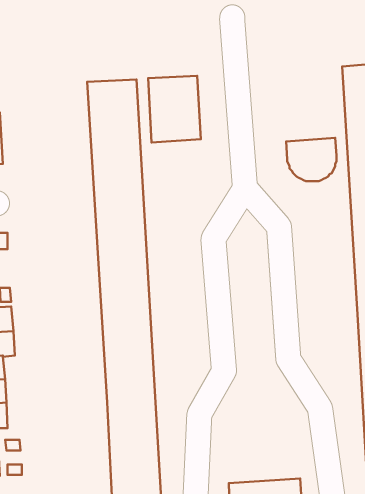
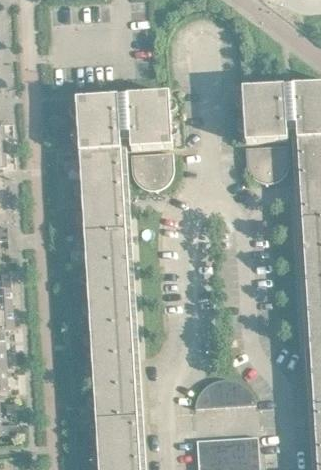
building: none -> [243,86,288,143]
building: none -> [131,153,174,190]
building: none -> [195,380,256,409]

